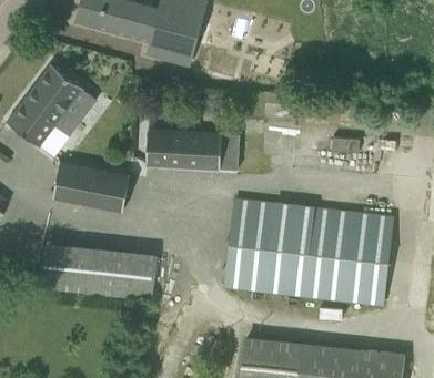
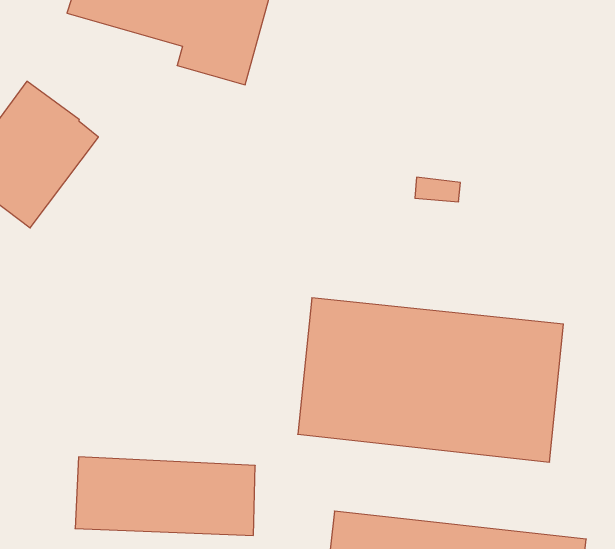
building: [145,130,240,171] -> none
building: [52,162,129,212] -> none
building: [47,244,161,294] -> [75,457,255,535]

